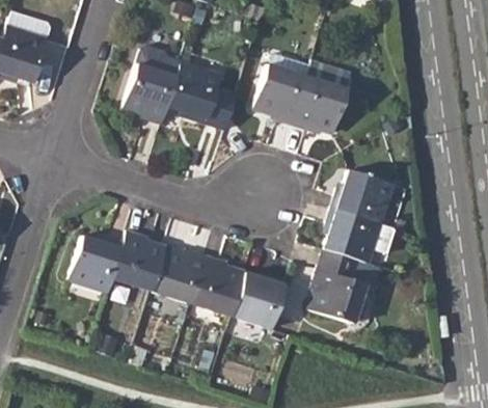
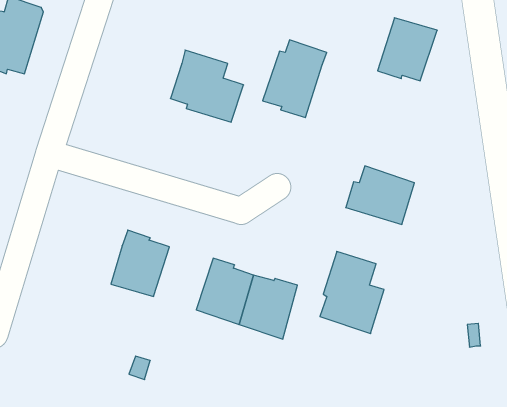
building: [124,62,180,126] -> none
building: [294,76,349,134] -> [378,18,437,81]
building: [323,208,398,263] -> none
building: [70,234,125,293] -> none
building: [154,244,209,302] -> none

